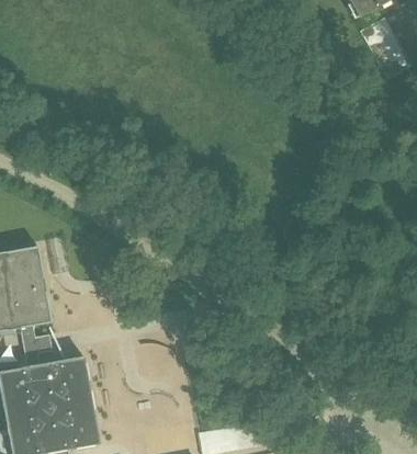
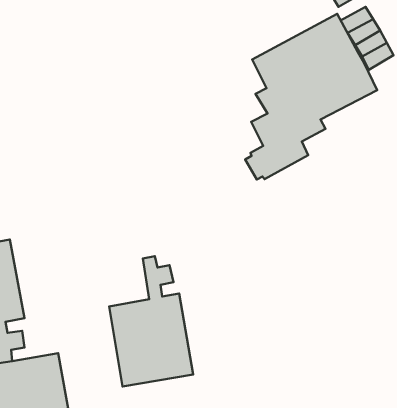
building: none -> [245,14,377,179]
building: none -> [109,256,193,386]

